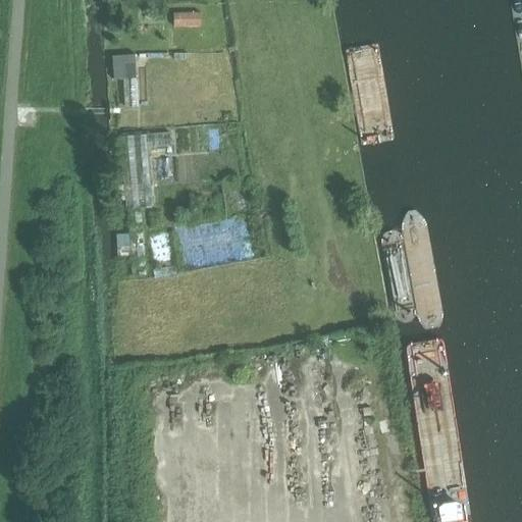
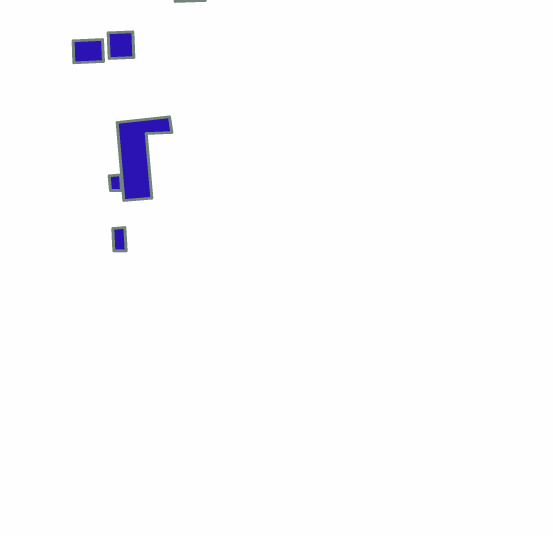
building: none -> [73,39,104,63]

